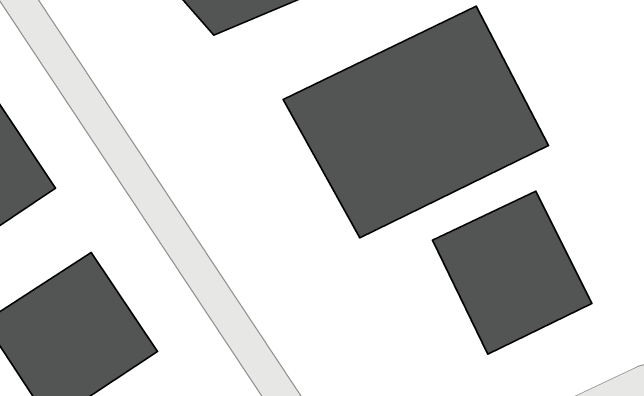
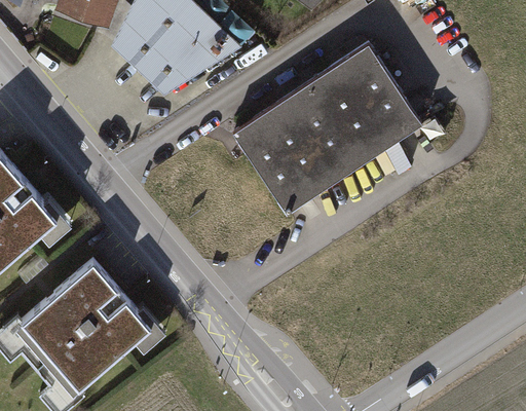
building: [433,191,592,354] -> none

